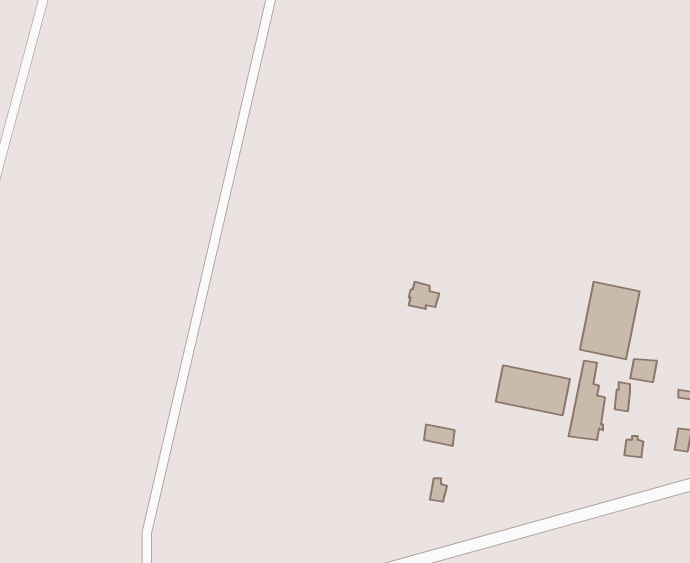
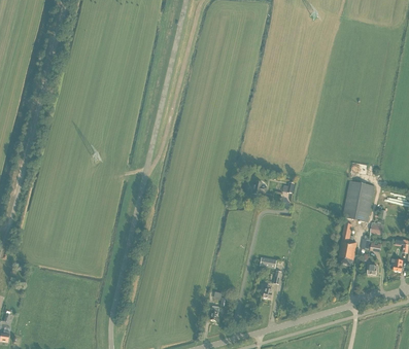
building: [496,365,570,415] -> none

